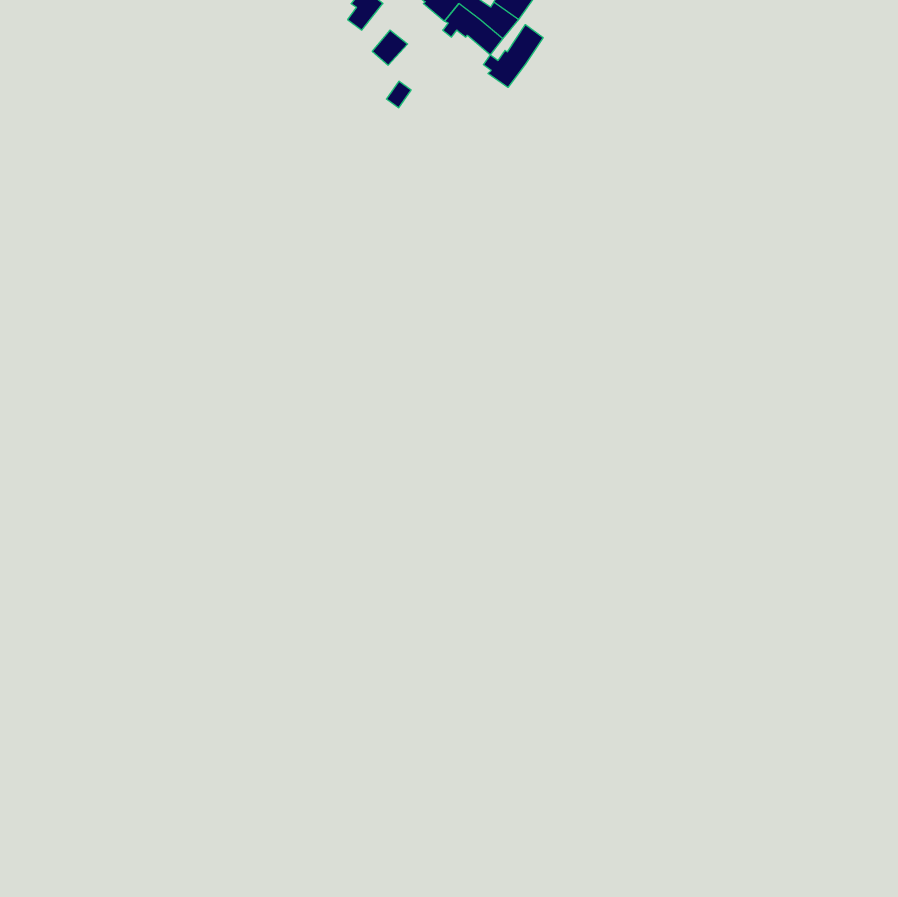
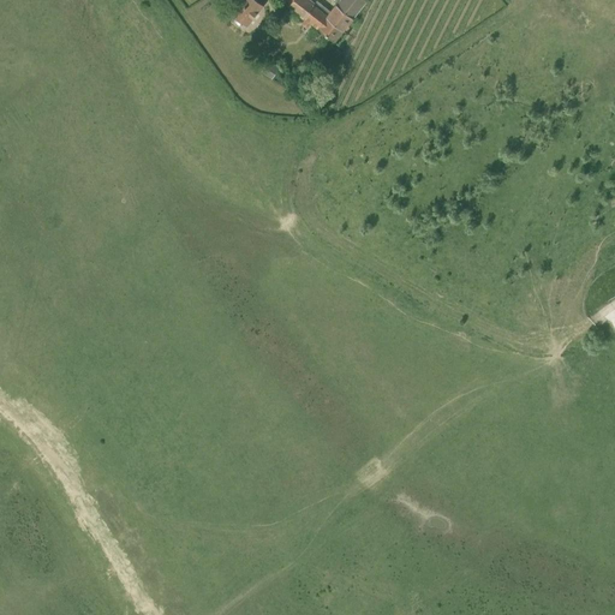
building: [483,25,543,87] -> none

